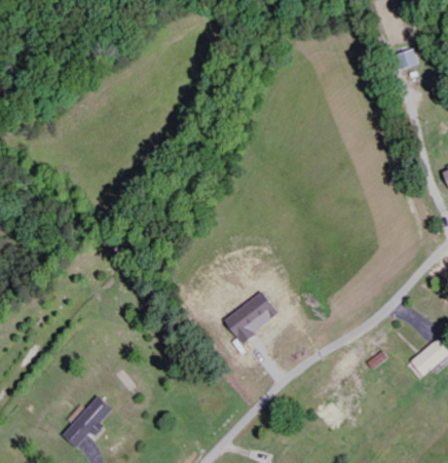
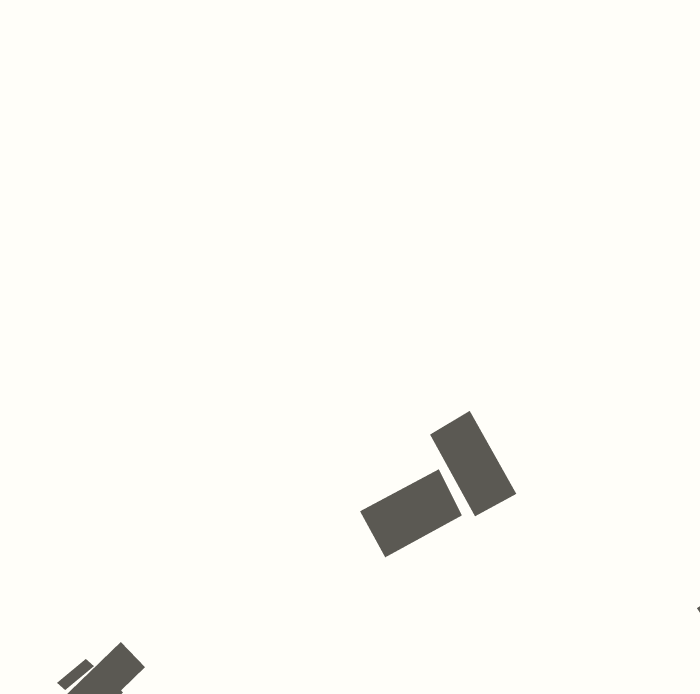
building: none -> [429,410,517,517]

